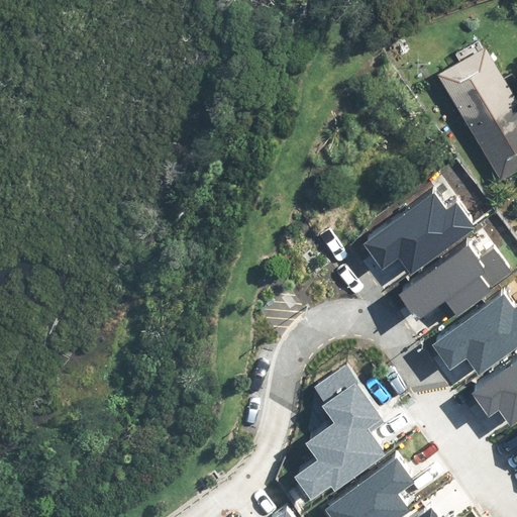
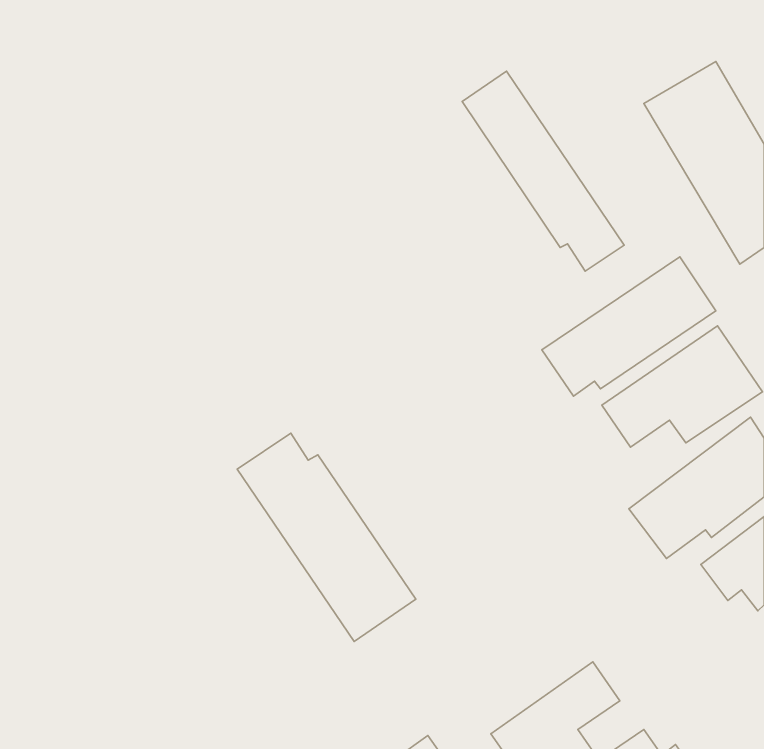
building: none -> [462,71,624,271]
building: none -> [237,433,416,641]
building: [293,364,389,495] -> none

